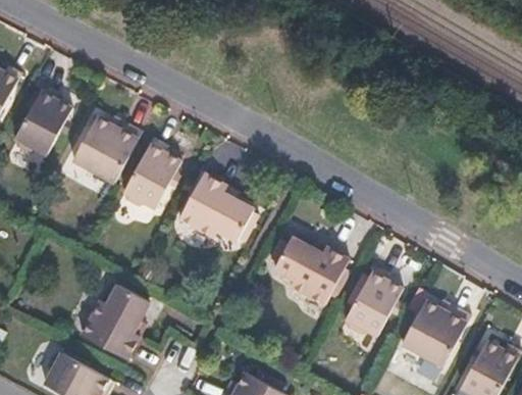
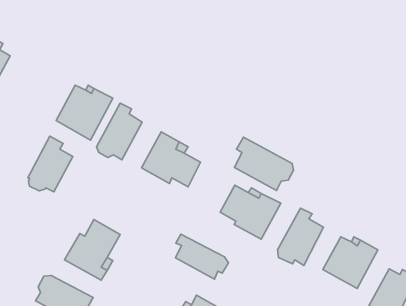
building: [12,81,68,150] -> [28,136,73,192]
building: none -> [235,137,293,191]
building: none -> [175,234,229,279]

